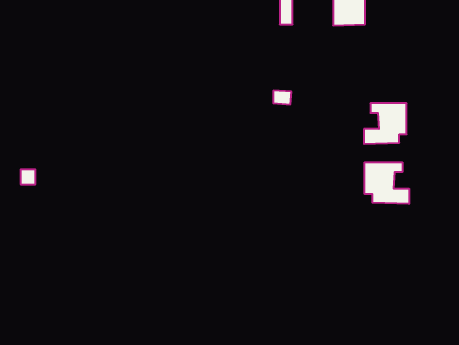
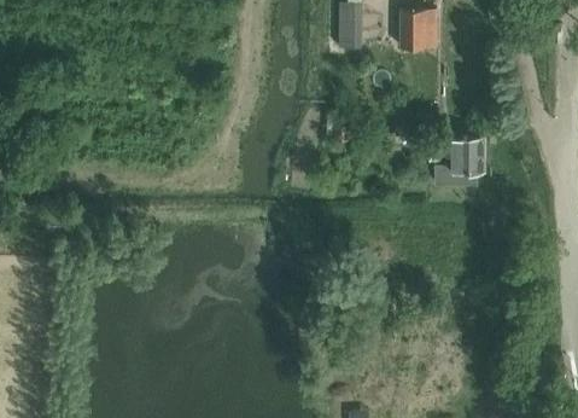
building: [365,162,409,204] -> none

